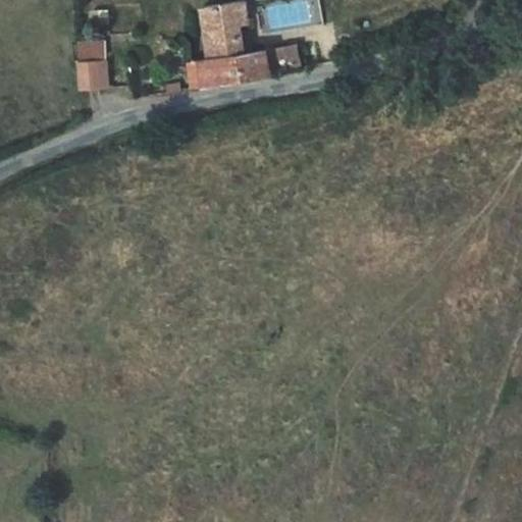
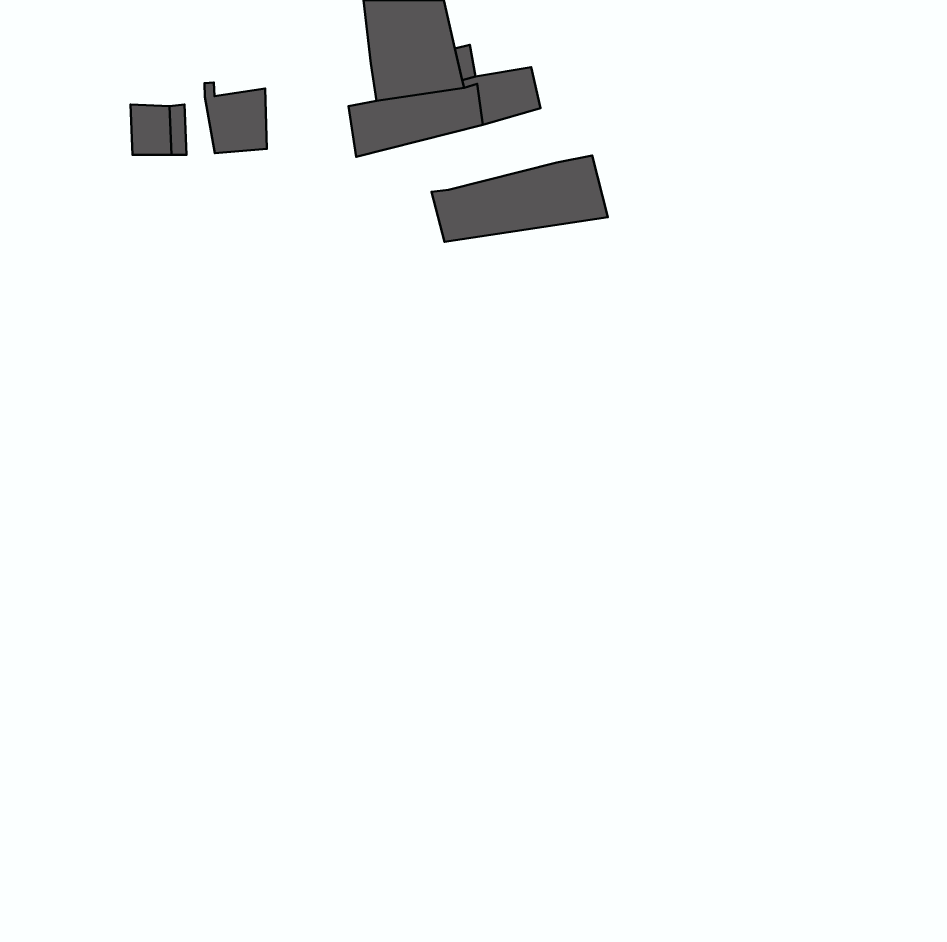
building: none -> [204,83,267,153]
building: none -> [431,156,608,242]

